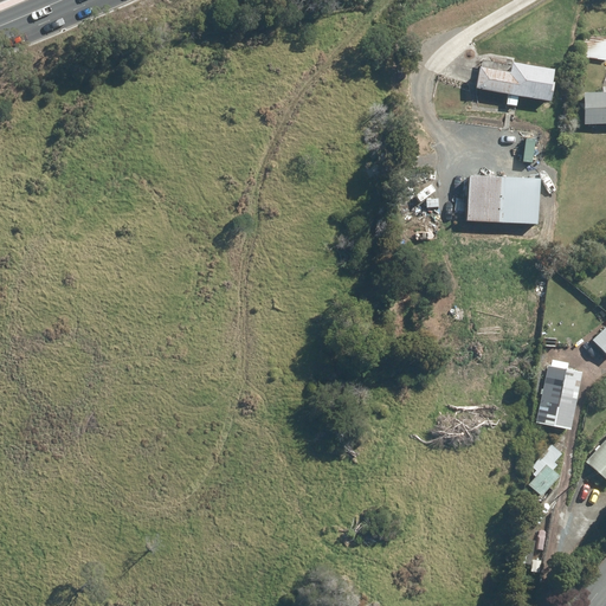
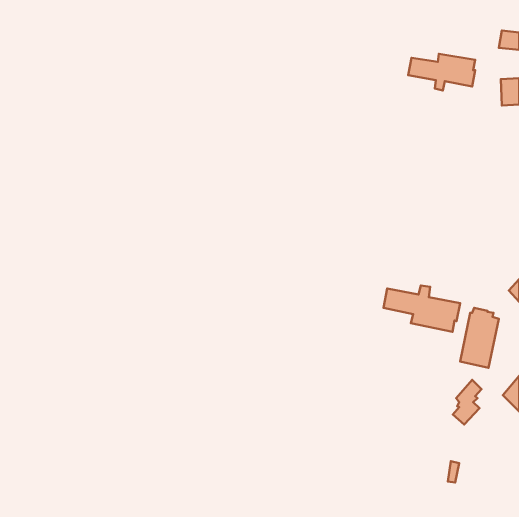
building: [466,176,540,224] -> none
building: none -> [383,285,460,332]

